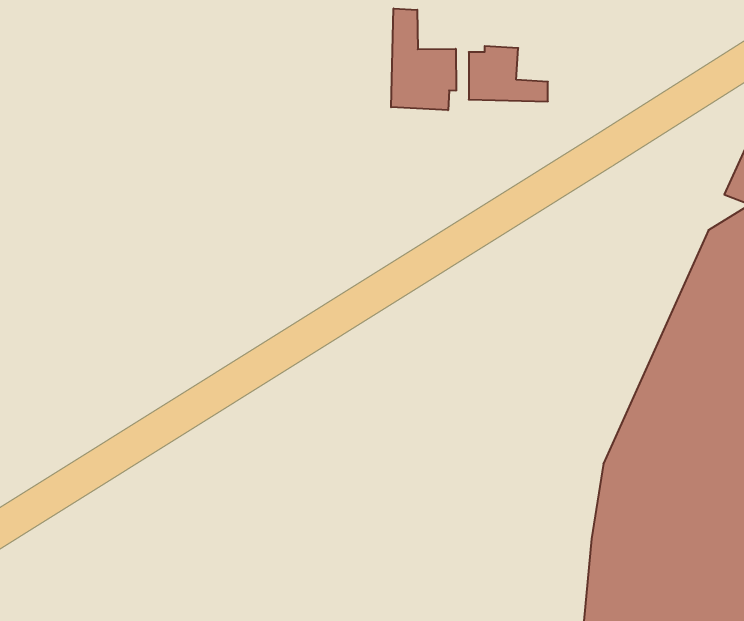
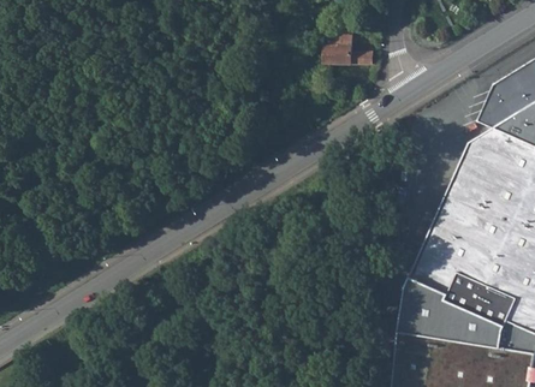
building: [391,8,456,110] -> none

